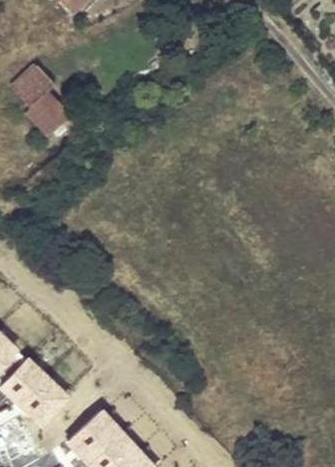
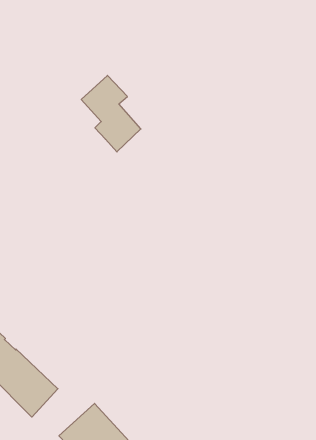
building: [14,61,71,135] -> [81,75,141,152]

